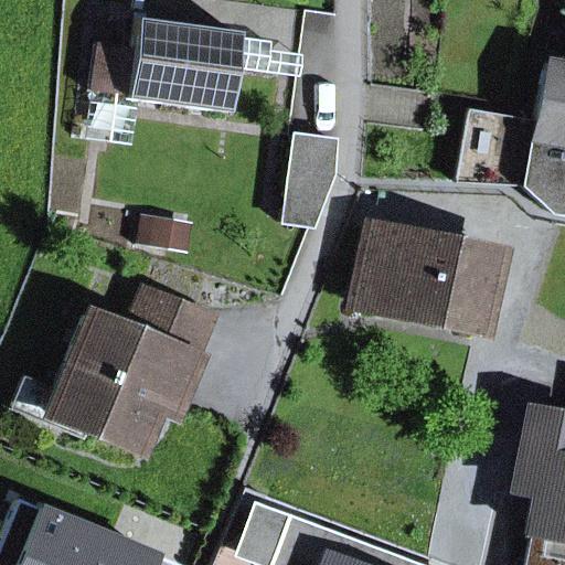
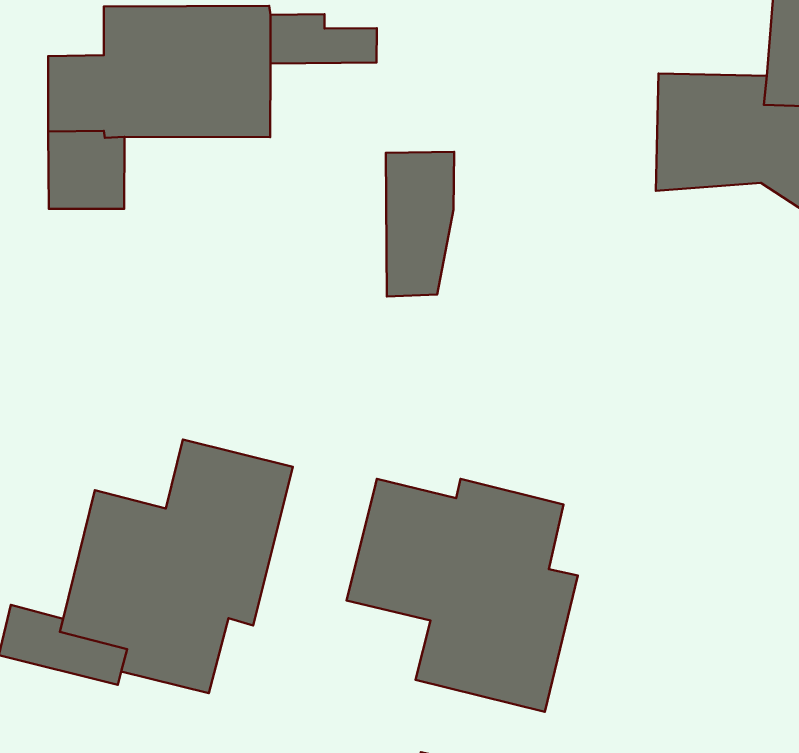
building: [358,226,498,328] -> none
building: none -> [347,479,578,712]

